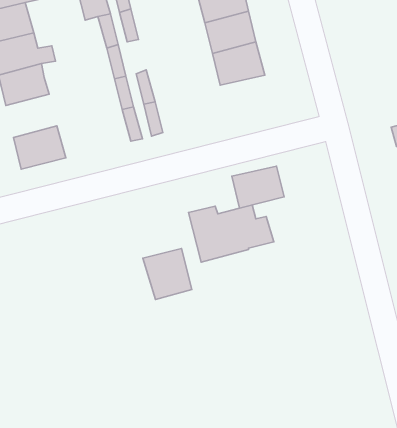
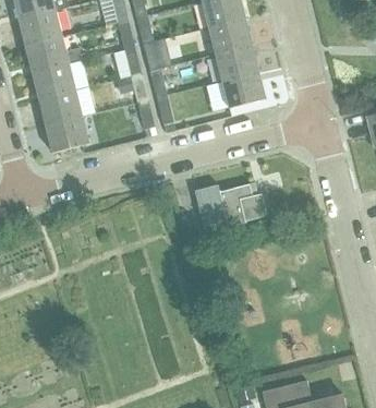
building: none -> [143,38,172,71]
building: none -> [39,88,83,125]
building: [232,166,284,208] -> [222,72,267,108]
building: [143,248,192,300] -> none

